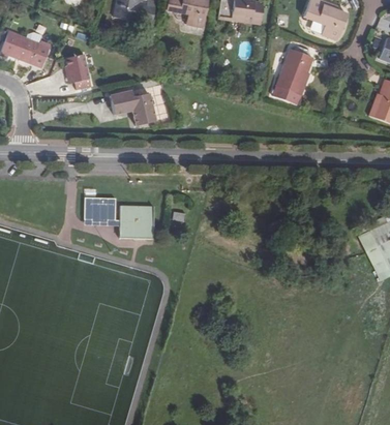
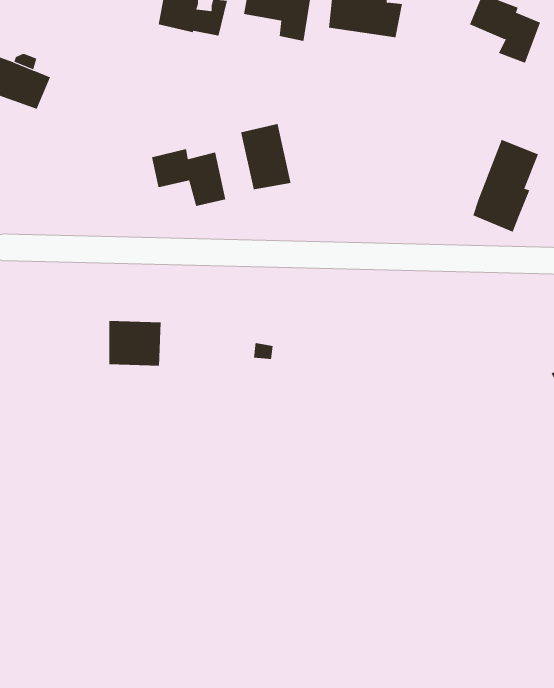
building: [271,49,311,105] -> [472,139,539,233]
building: [66,55,91,90] -> none
building: none -> [240,123,291,190]
building: [120,201,158,238] -> none

